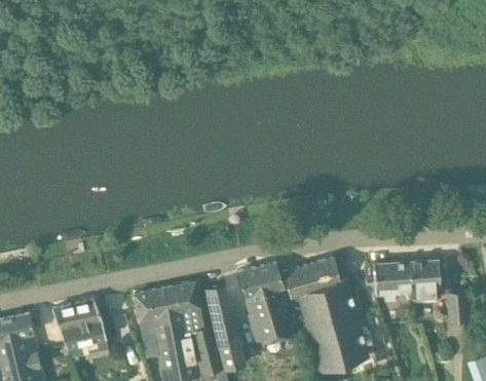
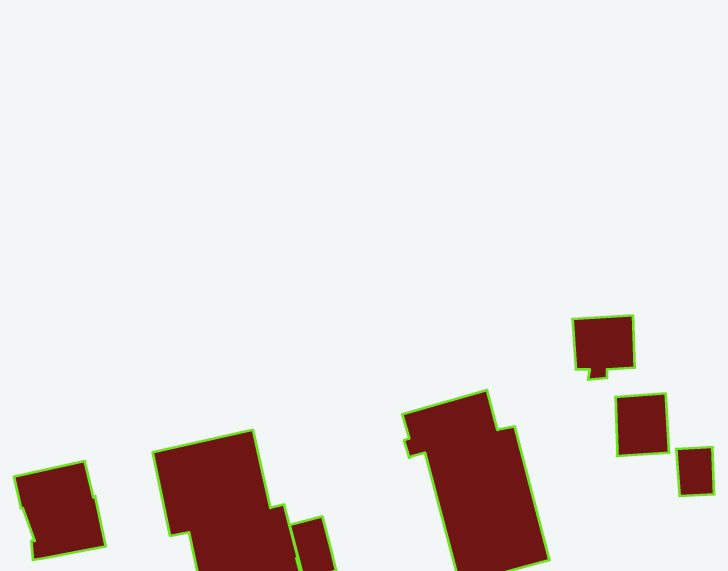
building: [237,262,299,345] -> none
building: [373,262,410,300] -> [572,316,635,380]
building: [202,283,233,326] -> none

